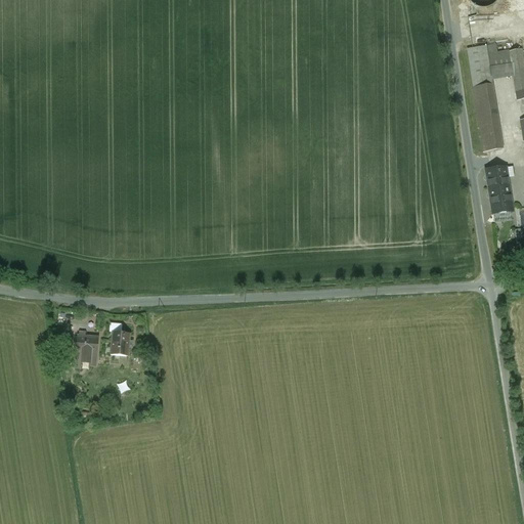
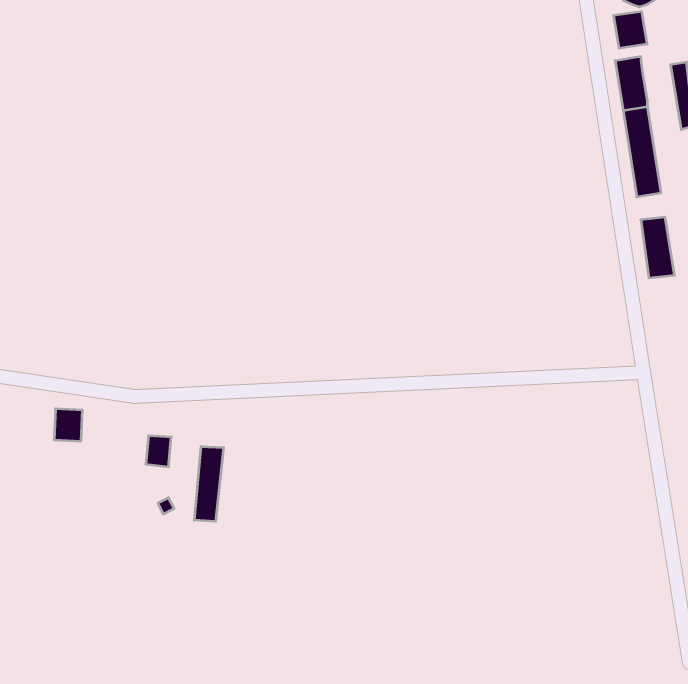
building: [488,49,514,77] -> [613,12,647,48]
building: [77,335,98,359] -> [54,409,82,441]
building: none -> [194,446,224,521]

